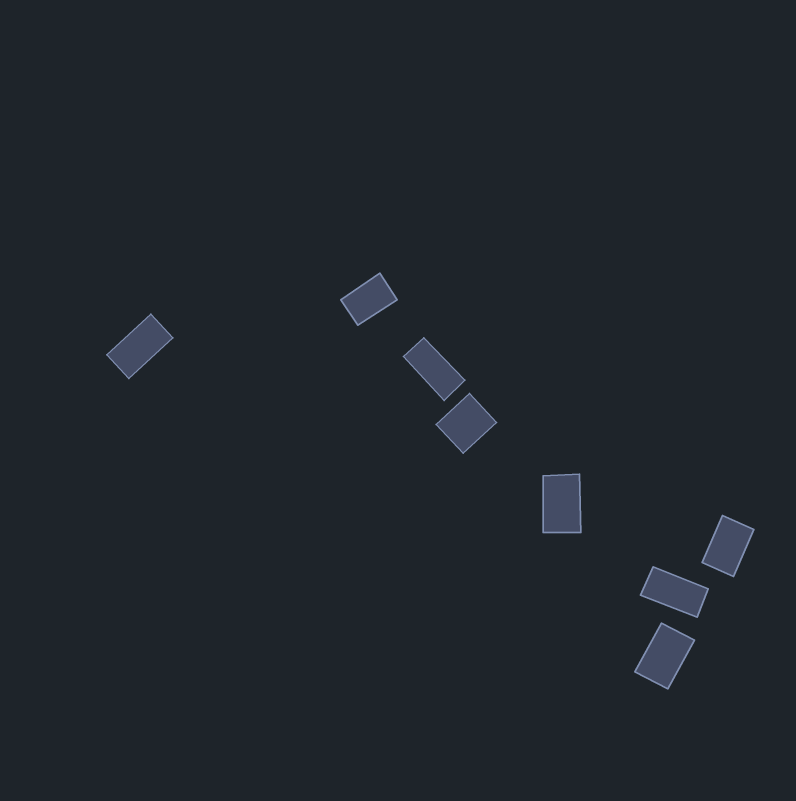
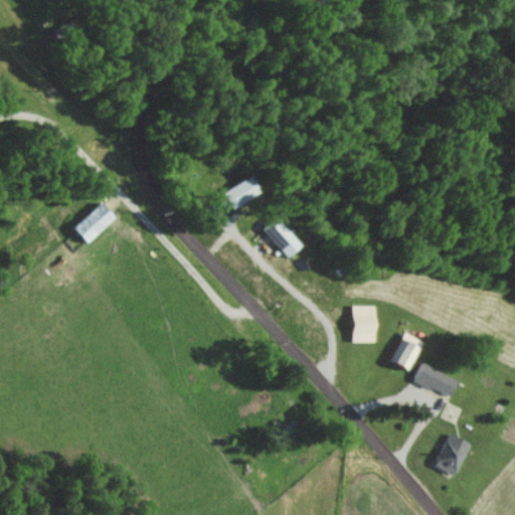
building: [436,393,496,453] -> none
building: [702,515,754,577] -> [390,332,423,371]
building: [635,623,694,689] -> [434,434,472,476]

